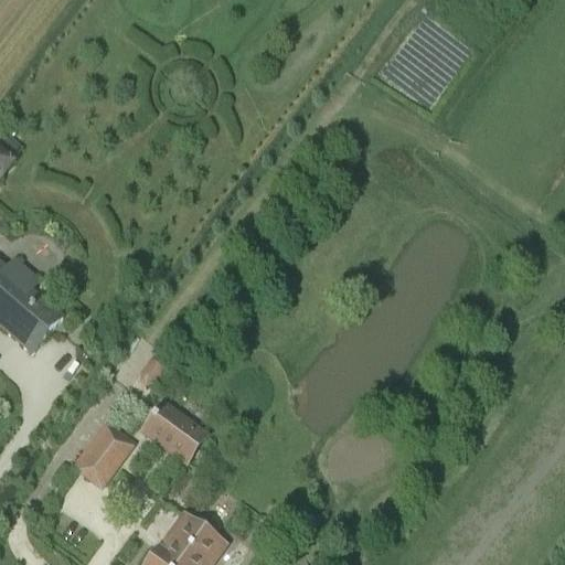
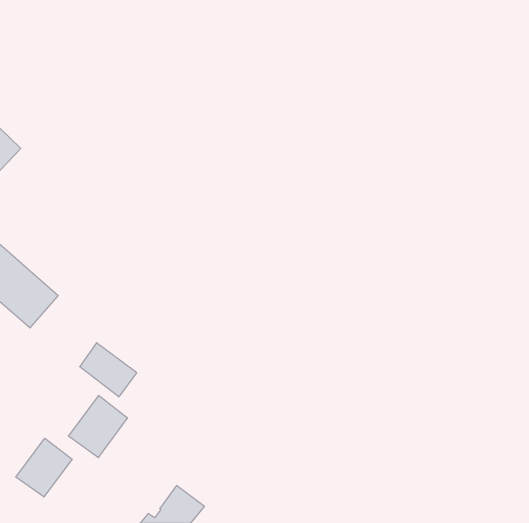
building: [143,402,204,459] -> [80,343,137,397]
building: none -> [16,438,72,497]

